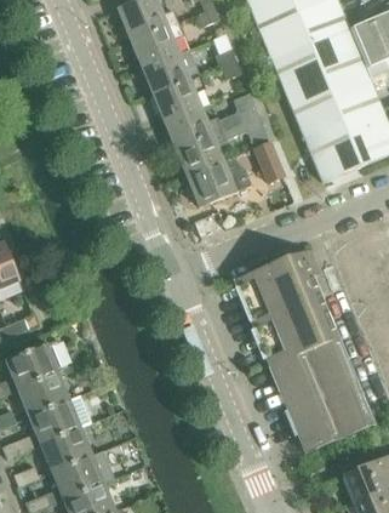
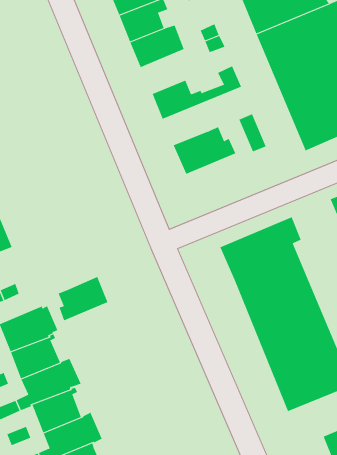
building: [153,75,205,121] -> none
building: [176,114,267,175] -> none
building: none -> [58,276,108,321]

